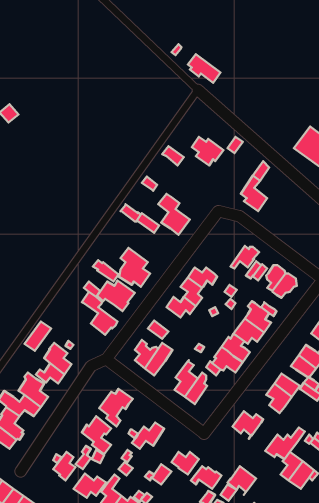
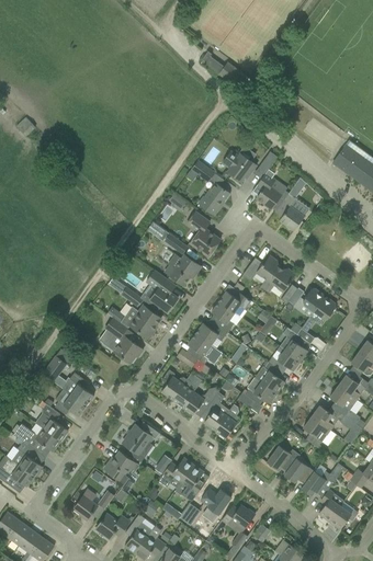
building: none -> [256,173,282,209]
building: none -> [197,182,230,216]
building: none -> [165,254,201,286]
building: none -> [244,256,280,290]
building: none -> [188,334,217,365]
building: none -> [182,388,219,415]
building: none -> [176,465,204,501]
building: [228,466,256,495] -> [284,458,315,489]

